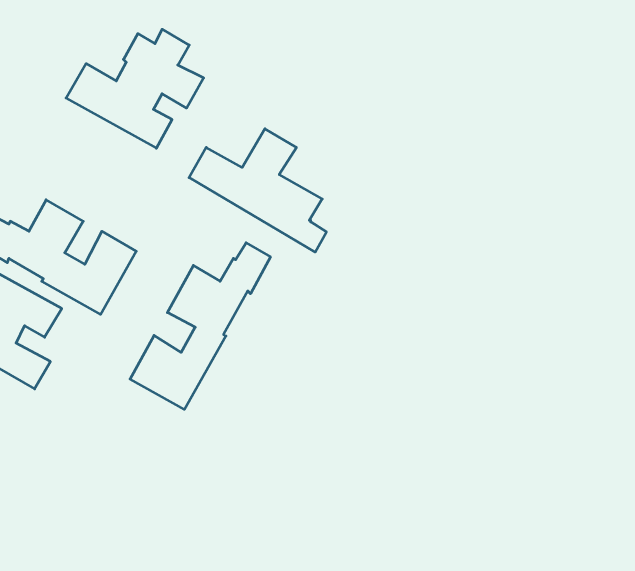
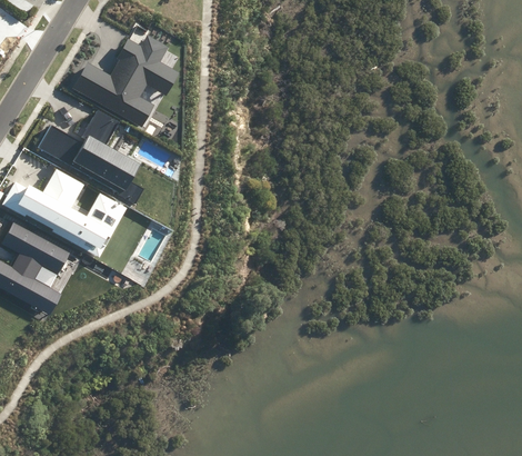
building: [189,129,326,252] -> [38,108,144,204]
building: [130,243,270,409] -> none

